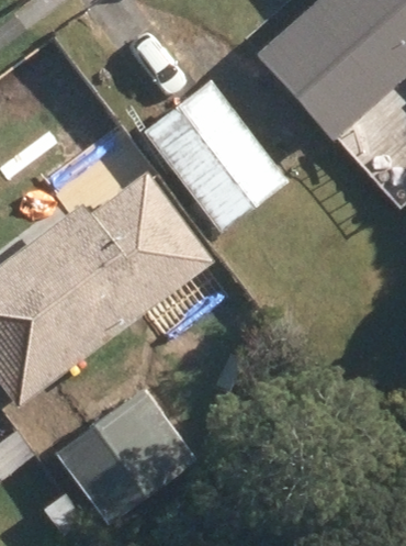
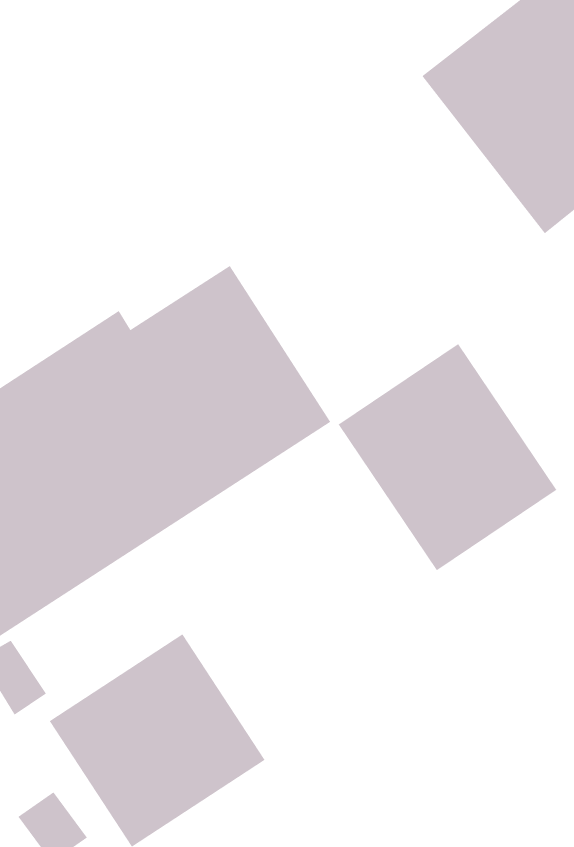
building: [133,68,287,233] -> none
building: none -> [338,343,557,571]

